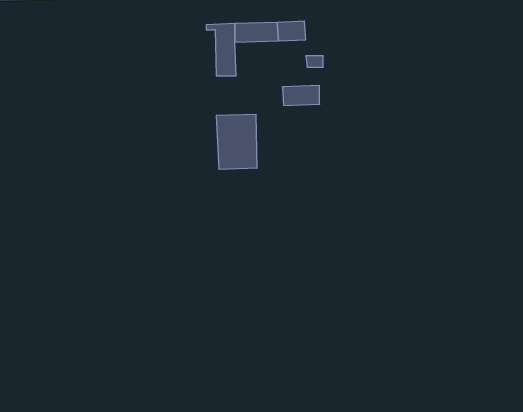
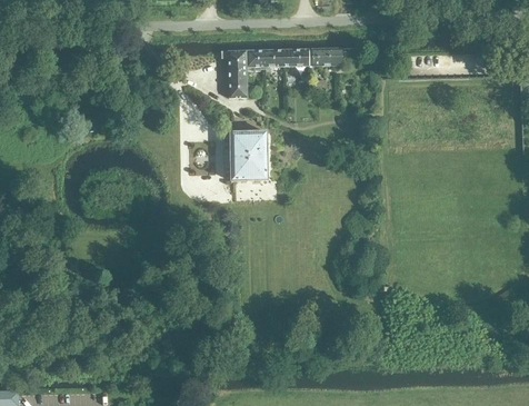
building: [282,86,320,105] -> [309,48,342,66]

